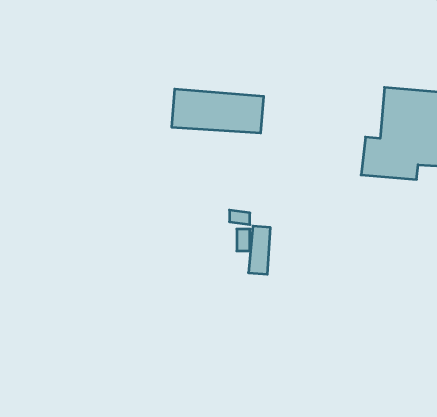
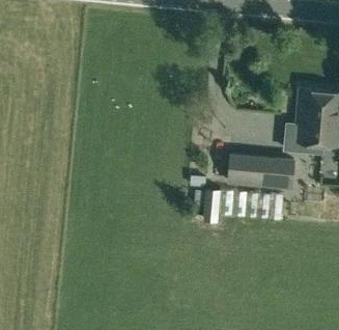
building: [172,89,264,133] -> [228,153,293,184]

